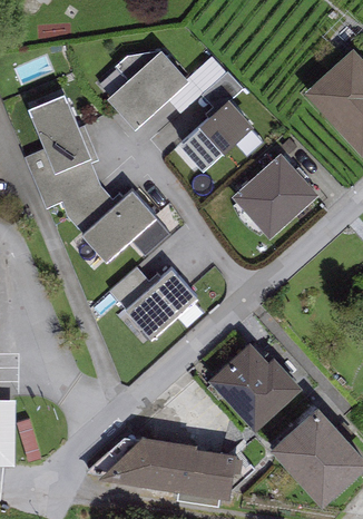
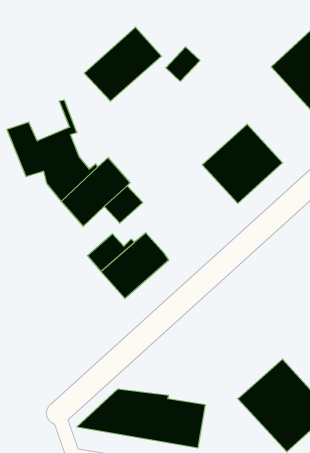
building: [29,94,90,172] -> none
building: [180,96,253,169] -> none
building: [207,343,302,431] -> none

